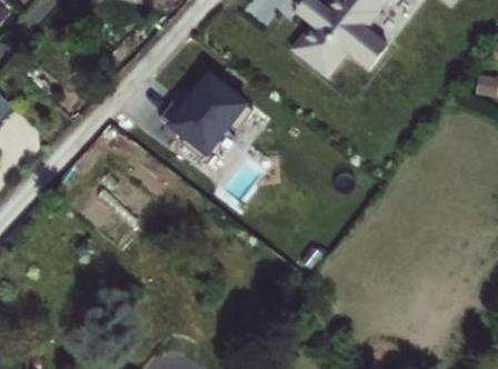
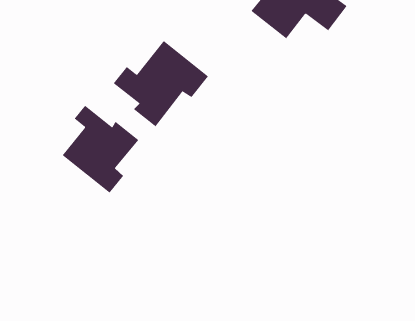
building: none -> [62,105,139,193]

